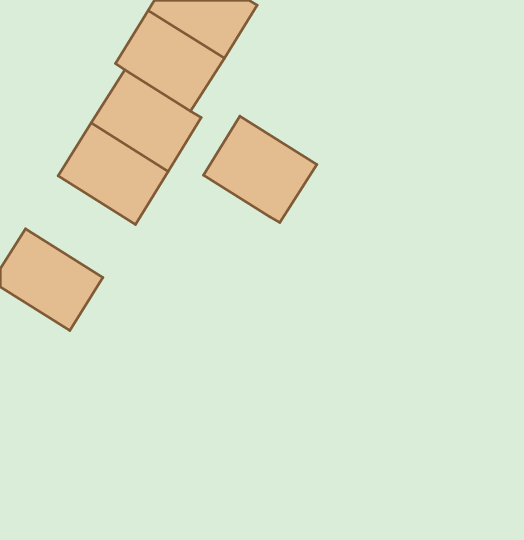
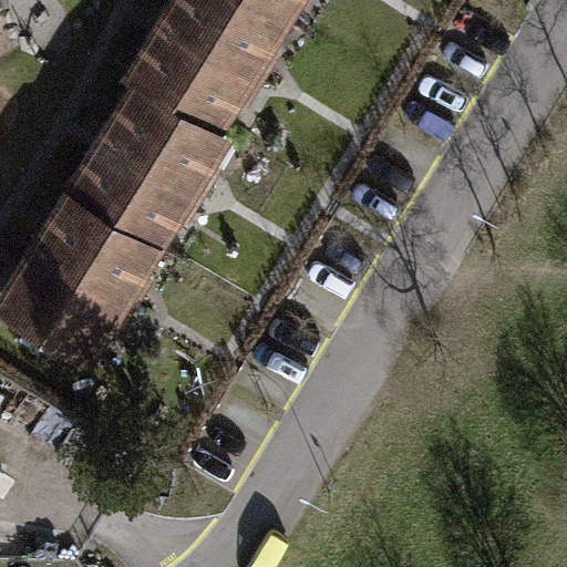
building: [203,116,317,223] -> none
building: none -> [44,185,159,291]

